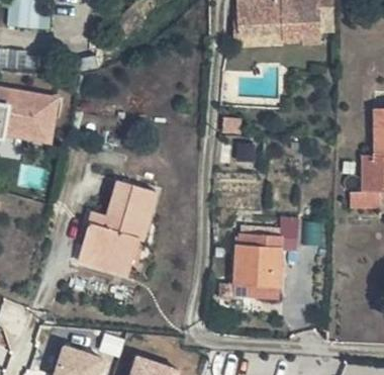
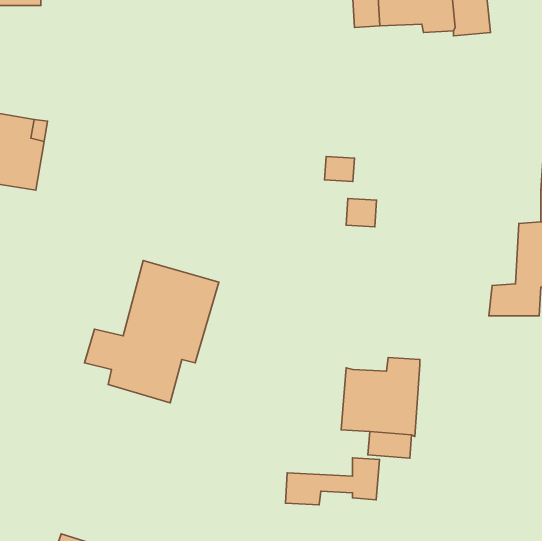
building: [242,219,298,248] -> [286,458,379,505]

